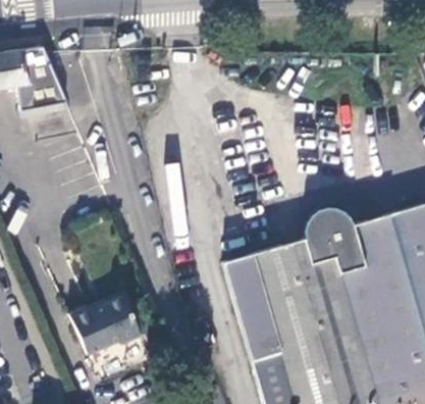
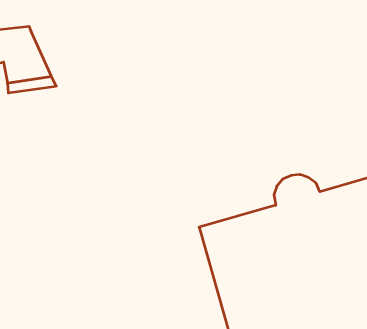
building: [74,301,142,356] -> none

